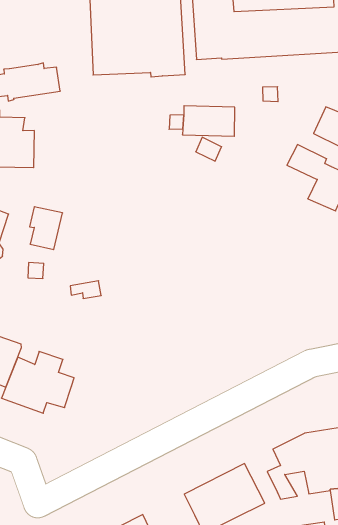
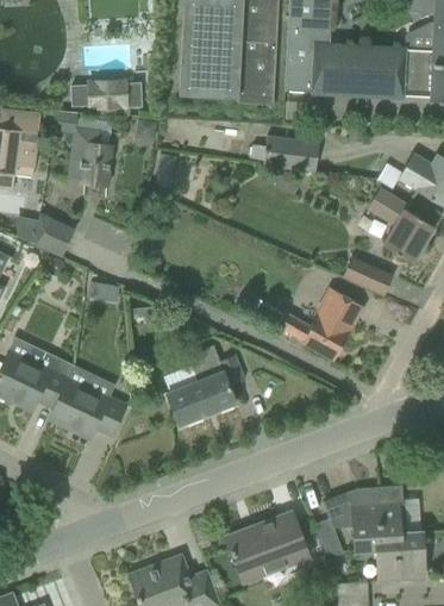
building: none -> [345,258,393,294]
building: none -> [279,288,361,358]
building: none -> [165,346,245,425]

